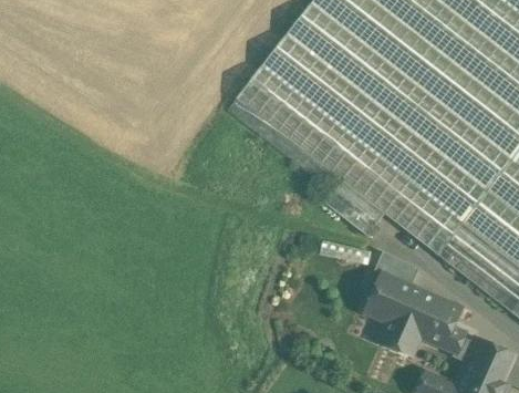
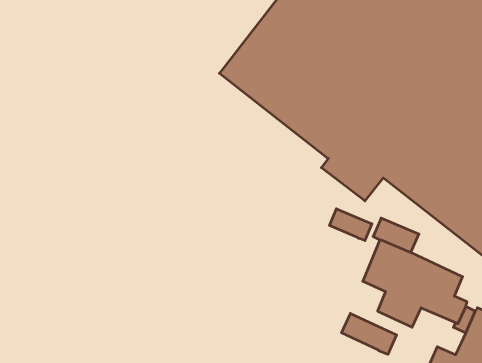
building: none -> [330,209,372,241]
building: none -> [342,313,397,354]

